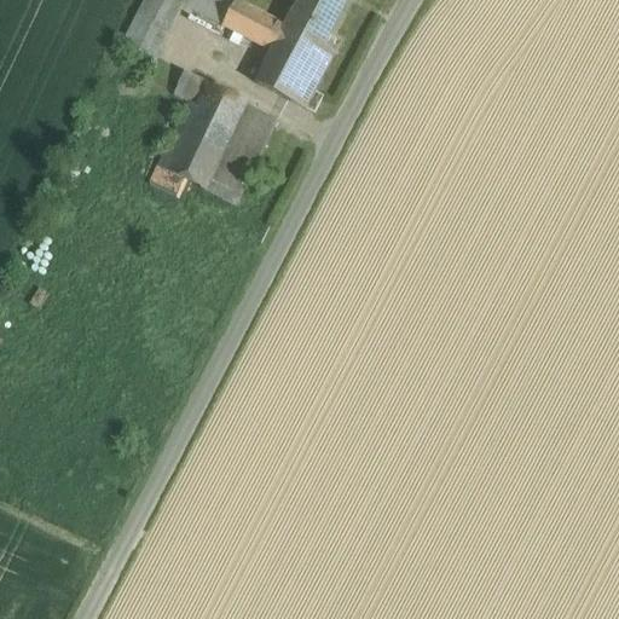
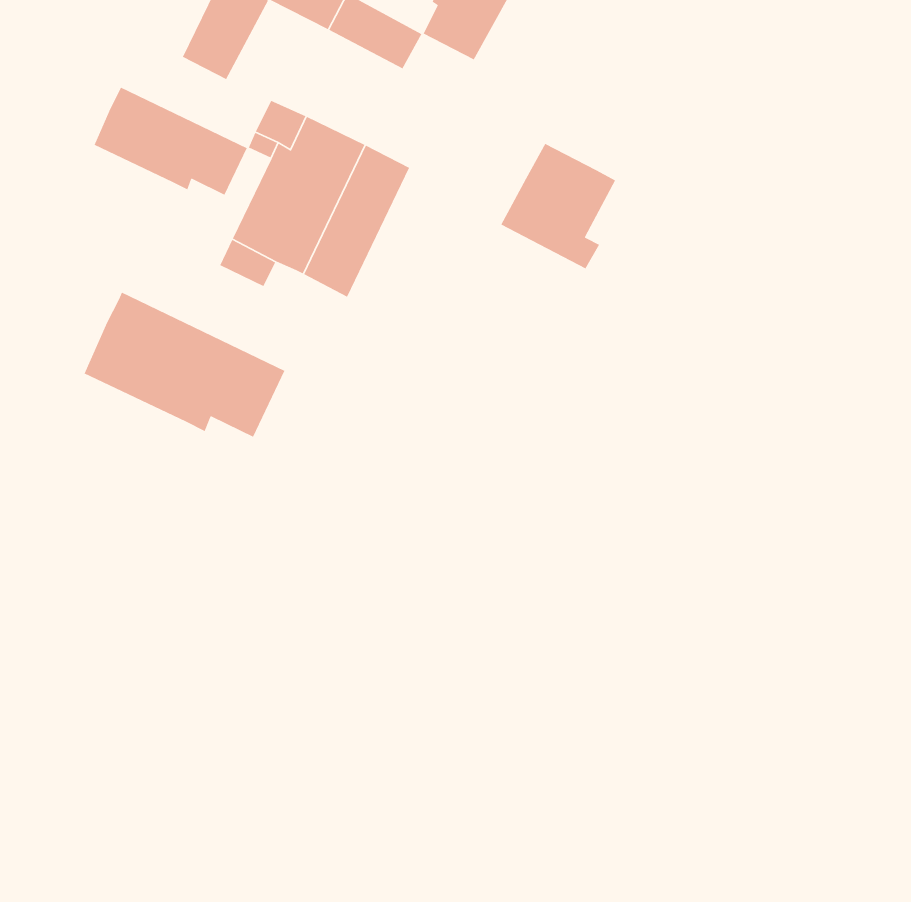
building: [256,23,335,109] -> [500,143,616,269]
building: none -> [93,86,248,196]
building: none -> [84,292,285,438]

